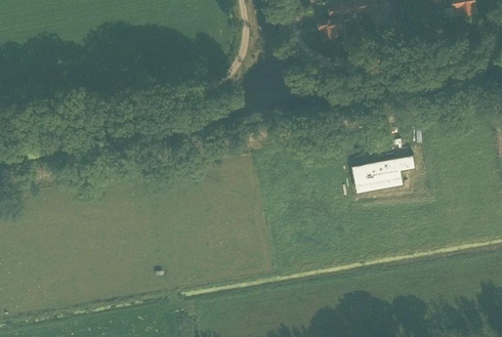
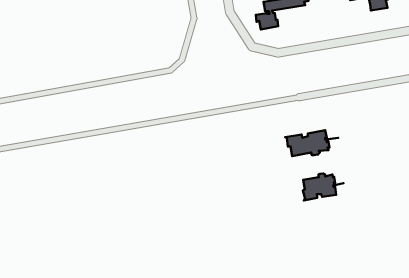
building: none -> [303,173,344,200]

